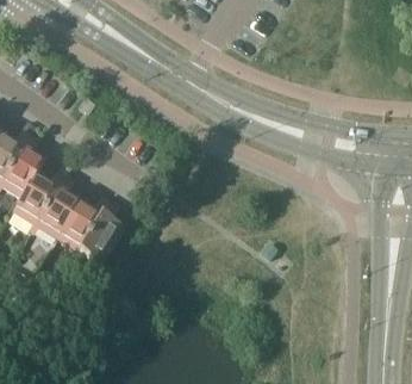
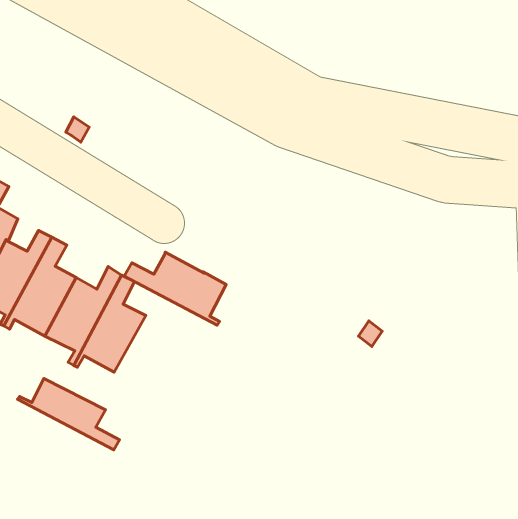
building: none -> [124,252,226,325]
building: none -> [18,379,120,450]

